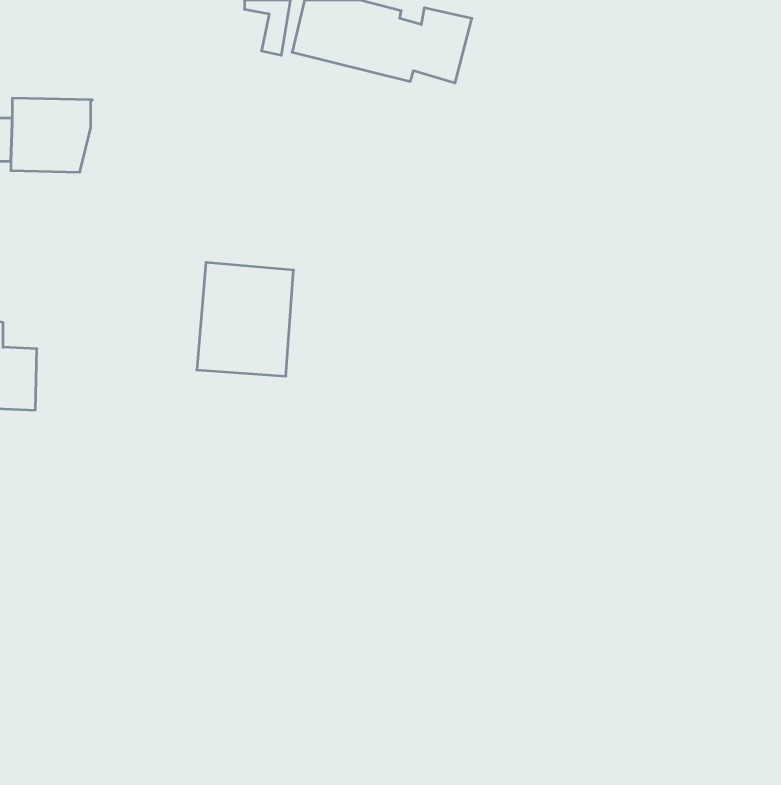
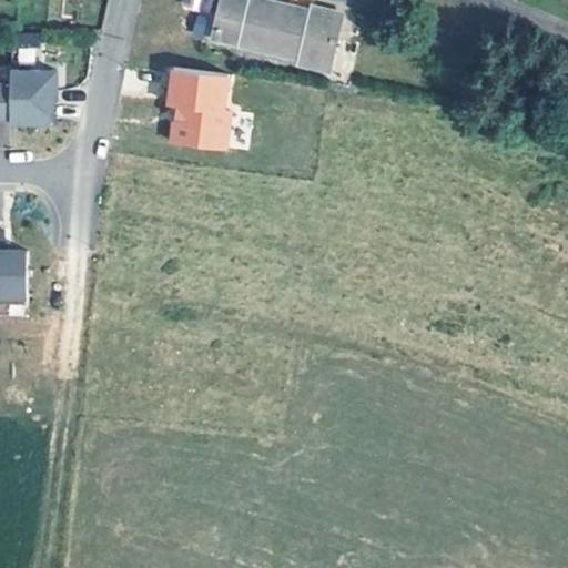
building: [197,262,294,376] -> [161,68,231,150]

